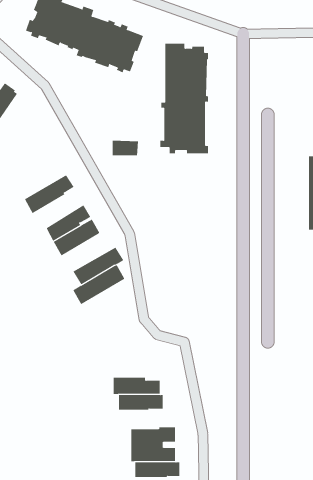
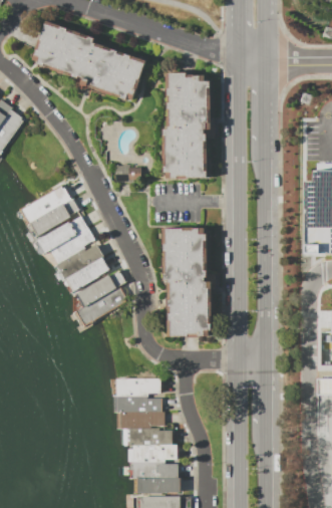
building: none -> [19,184,71,224]
building: none -> [39,216,88,253]
building: none -> [162,228,213,335]
building: none -> [66,256,110,291]
building: none -> [116,378,162,396]
building: none -> [128,428,173,446]

